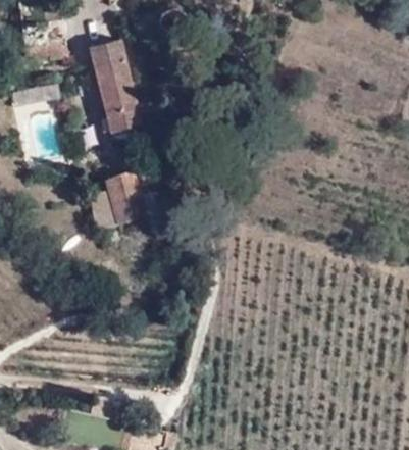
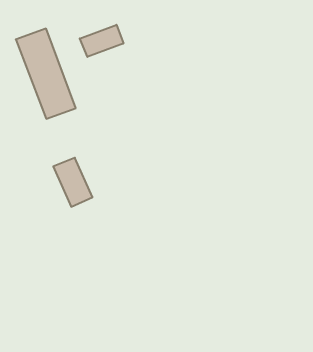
building: none -> [80,25,123,57]

